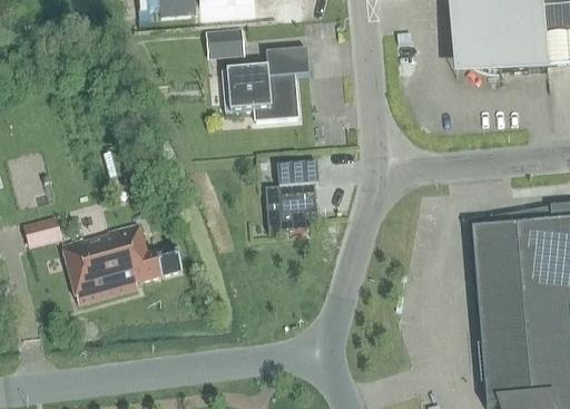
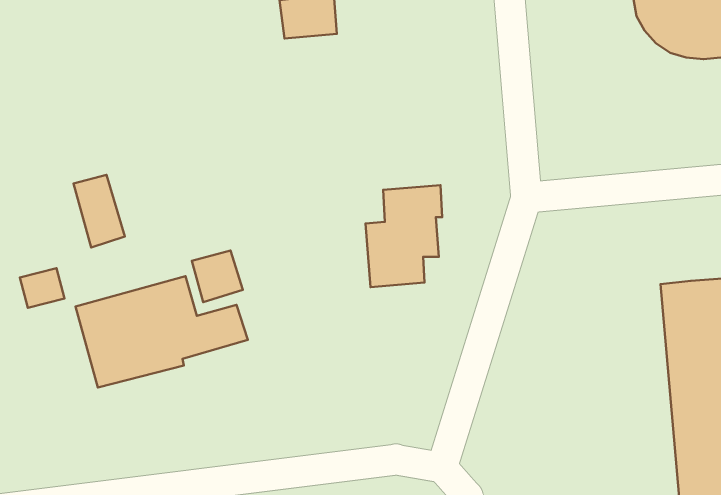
building: [222,47,309,118] -> none
building: none -> [73,175,125,247]
building: none -> [192,250,243,302]

